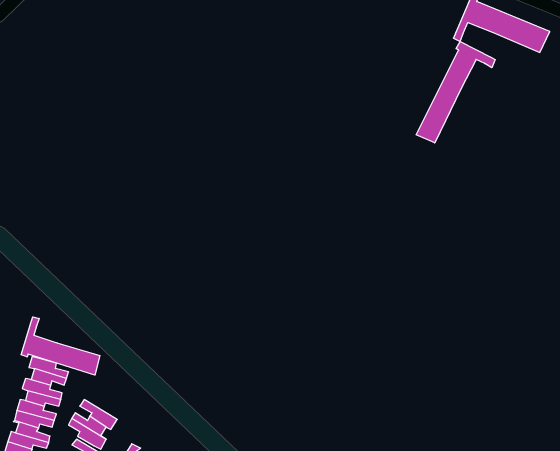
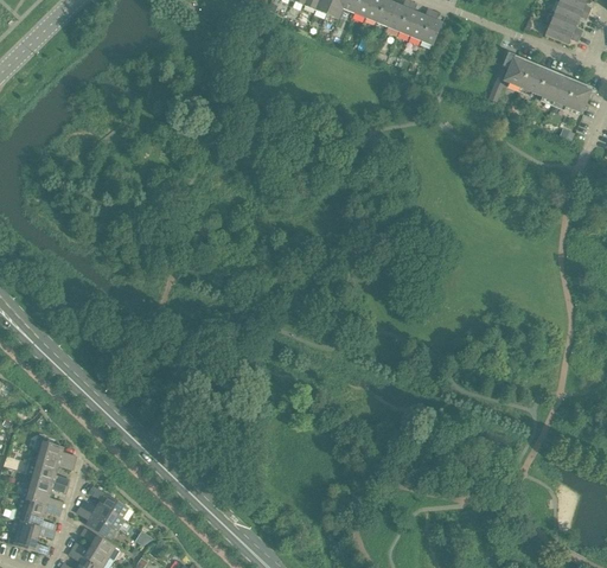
building: [416,41,495,143] -> none
building: [21,317,100,375] -> none

